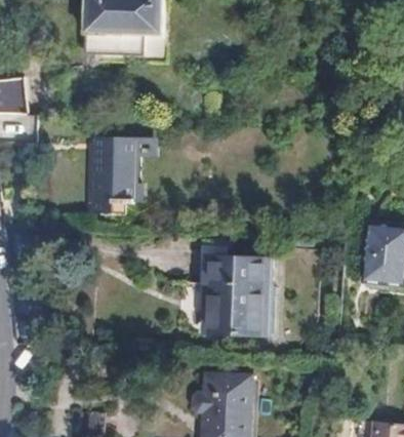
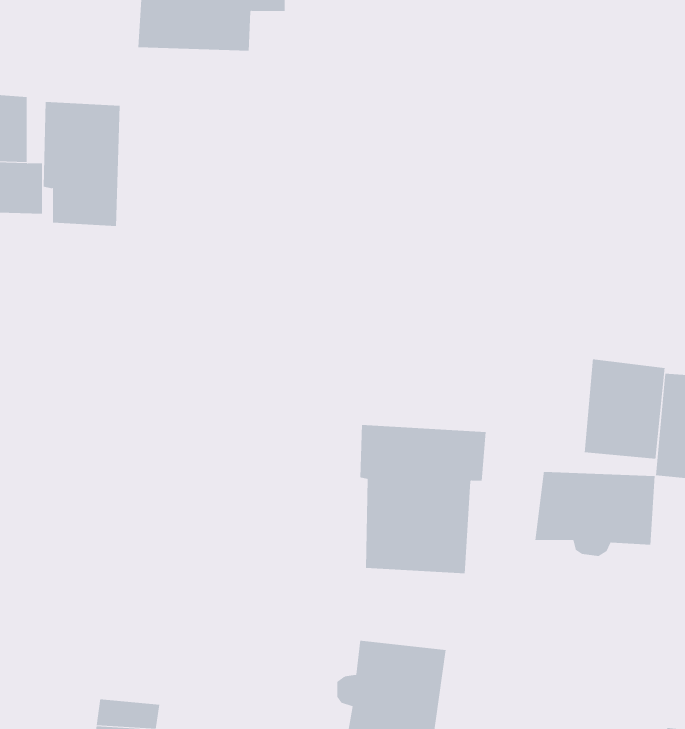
building: [92,136,134,204] -> [43,102,121,227]
building: none -> [584,359,665,460]
building: none -> [535,471,655,557]

